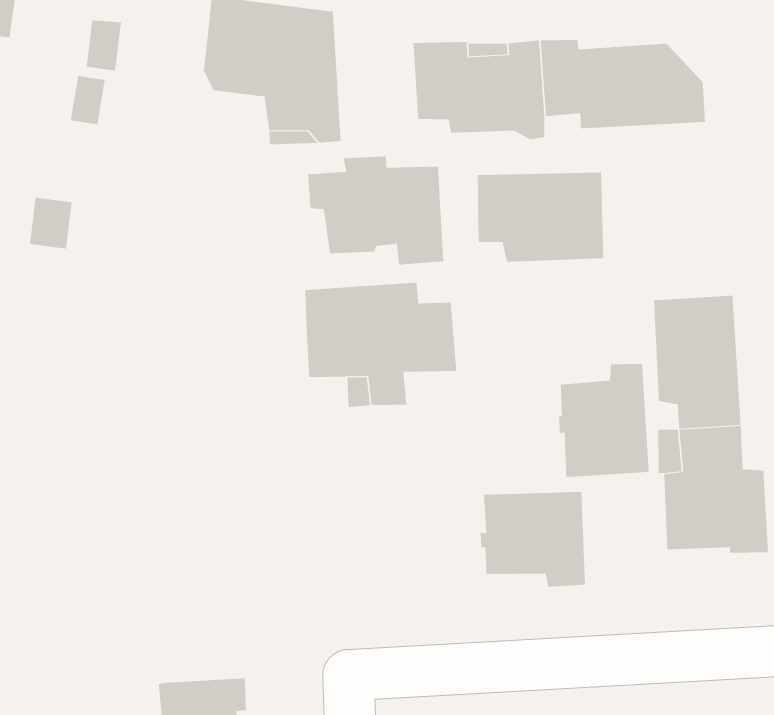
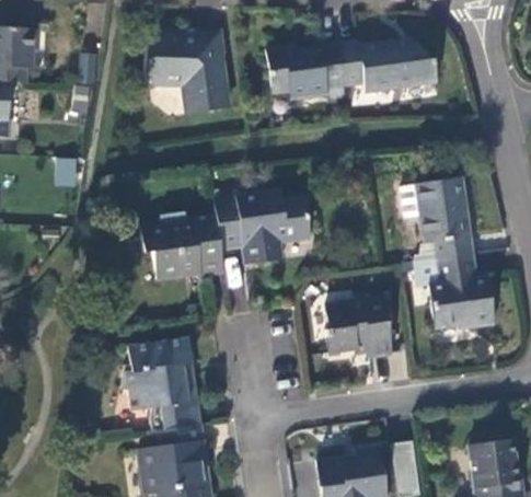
building: [307,156,444,265] -> [142,213,226,276]
building: [477,172,604,263] -> none
building: [558,363,649,478] -> none
building: none -> [122,337,203,431]

